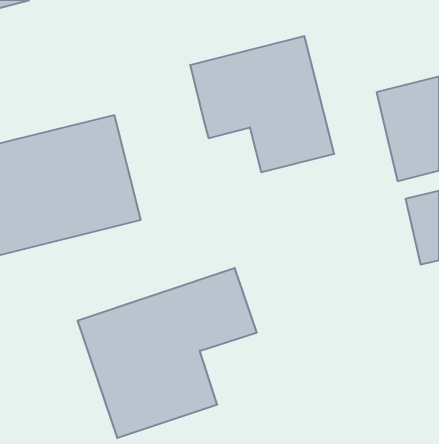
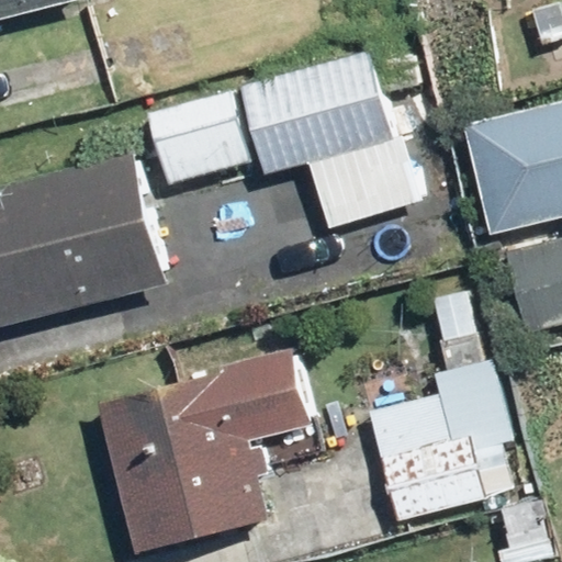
building: none -> [144,88,256,187]
building: none -> [368,360,515,521]

